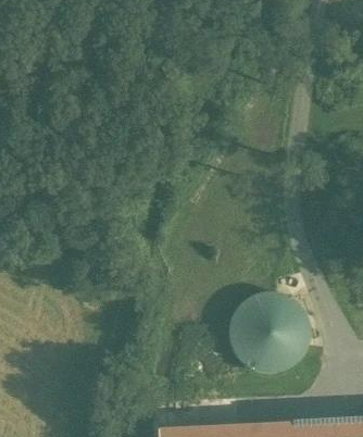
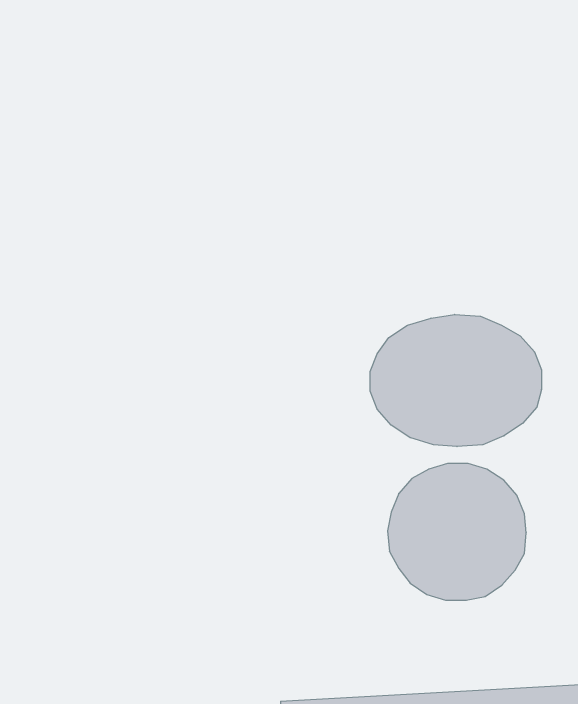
building: none -> [370,314,541,447]

